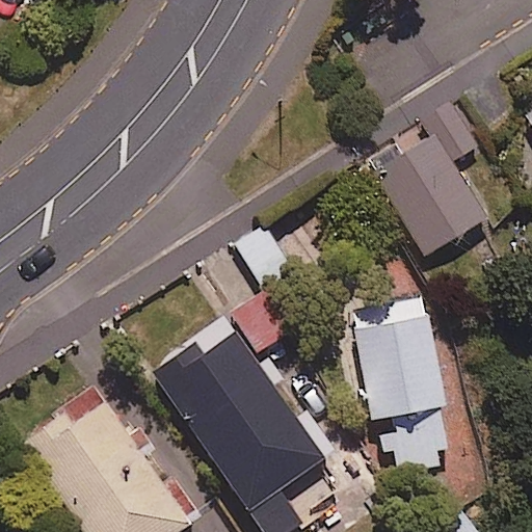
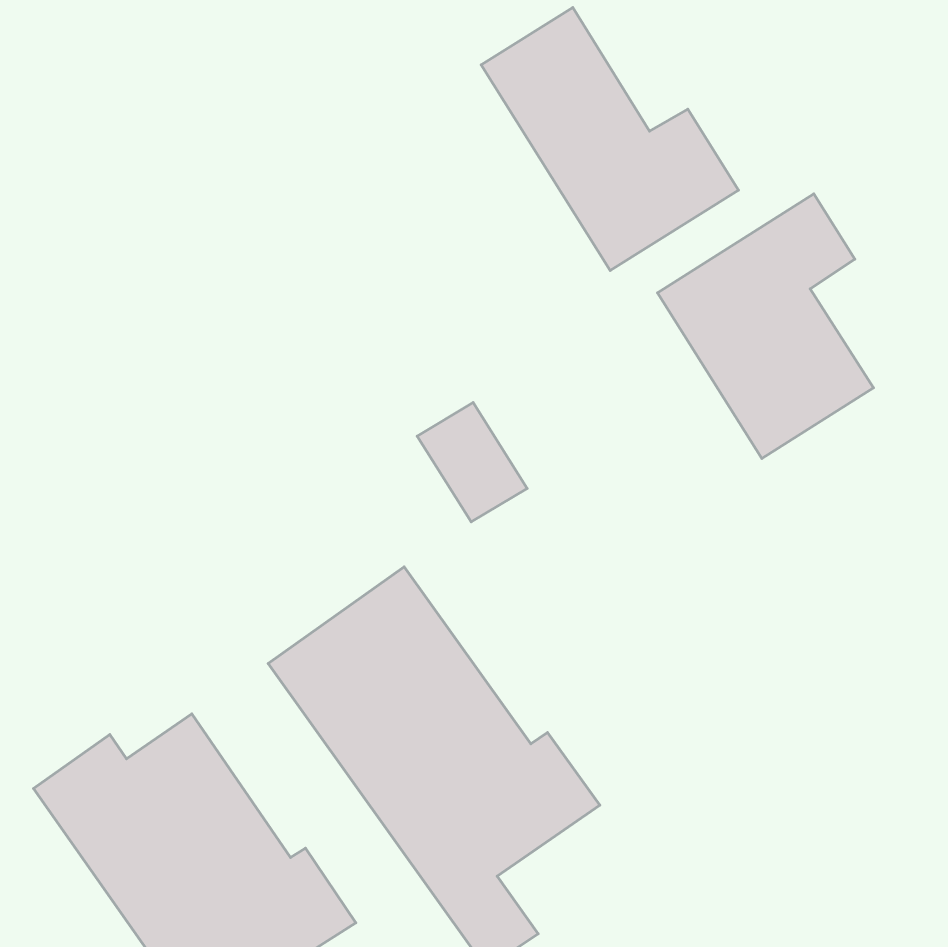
building: none -> [481,8,739,270]
building: [351,299,456,479] -> none

